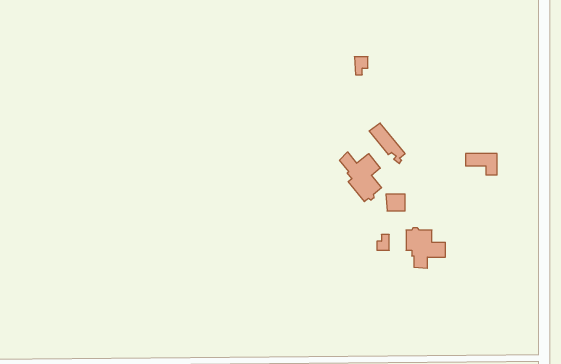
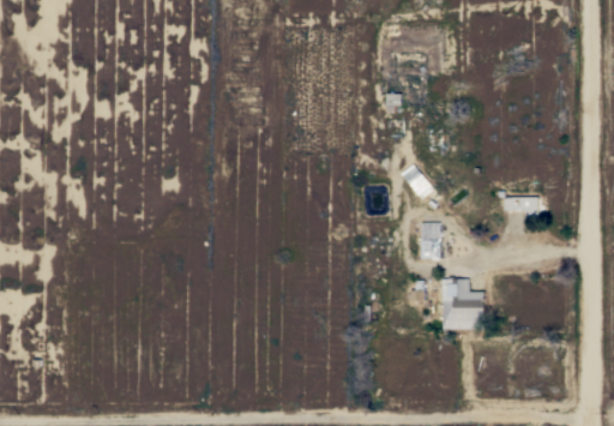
building: [340,152,382,202] -> none

